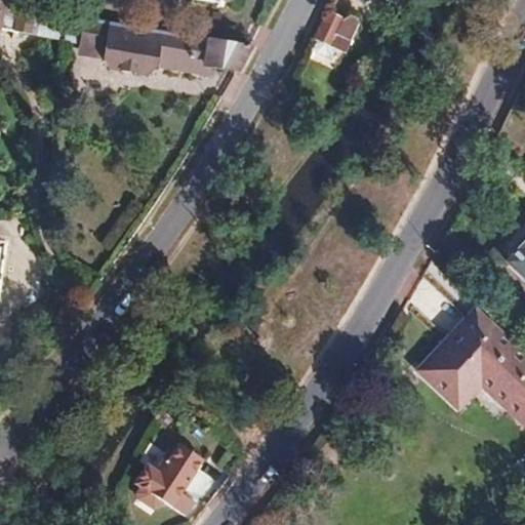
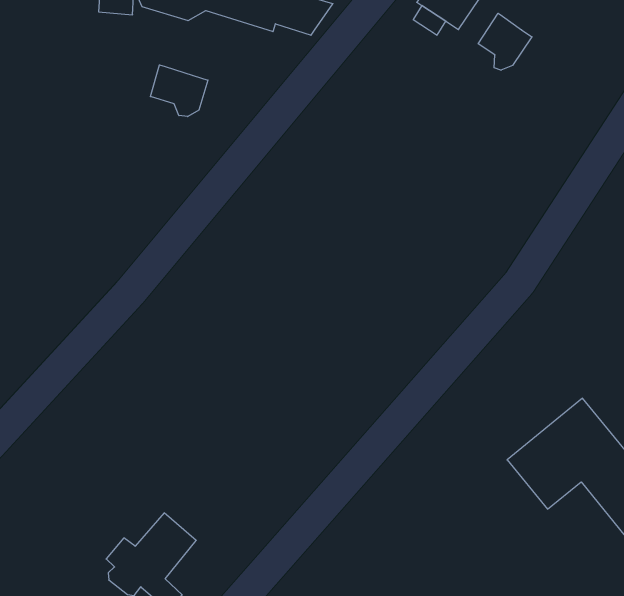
building: none -> [478,13,532,70]
building: none -> [150,65,208,117]

